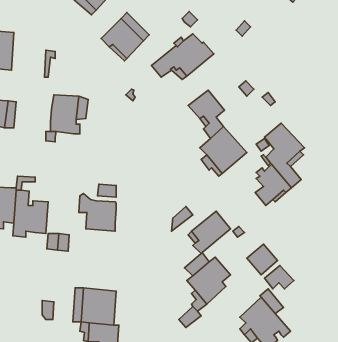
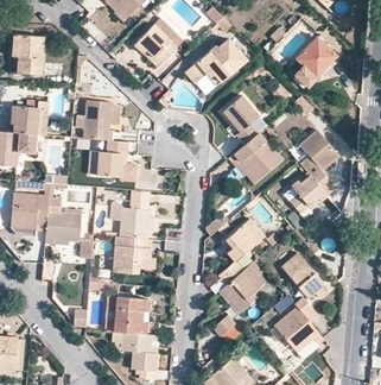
building: none -> [294,36,338,87]
building: none -> [87,140,138,179]
building: none -> [113,236,152,273]

